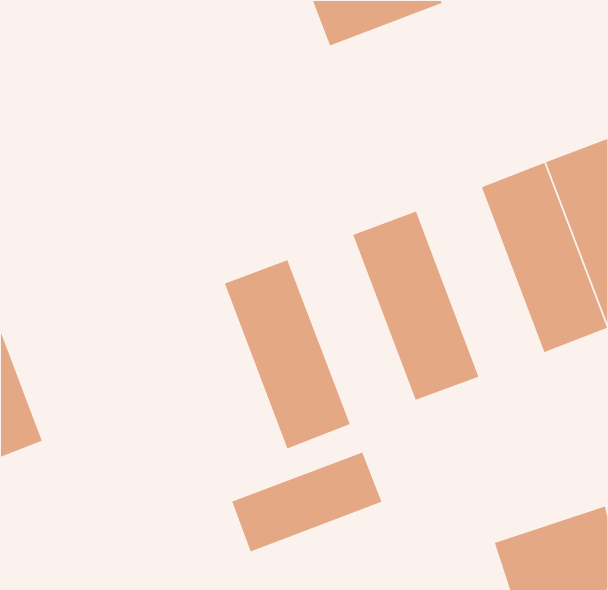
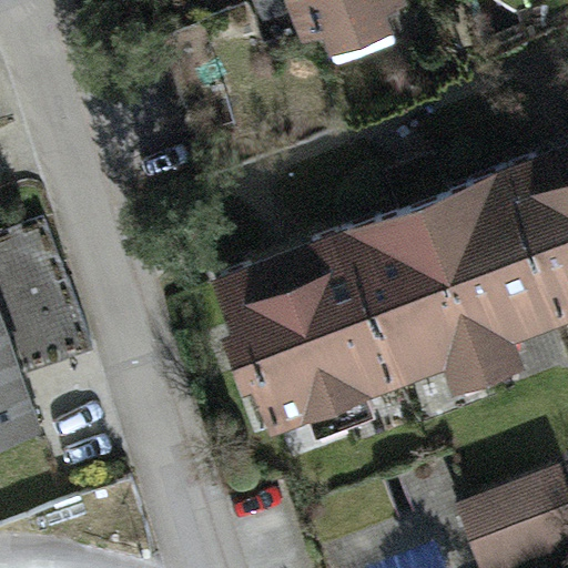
building: none -> [388,191,507,368]
building: none -> [268,235,387,413]
building: [231,452,383,552] -> none

